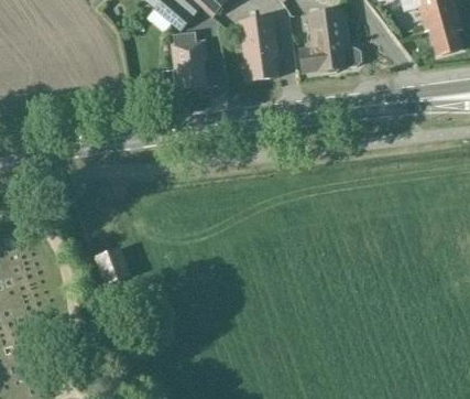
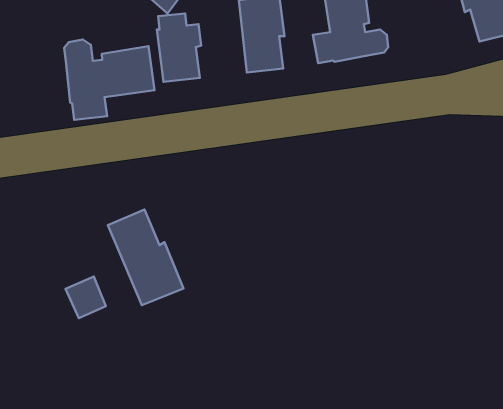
building: none -> [64,39,155,120]
building: none -> [108,210,183,305]

